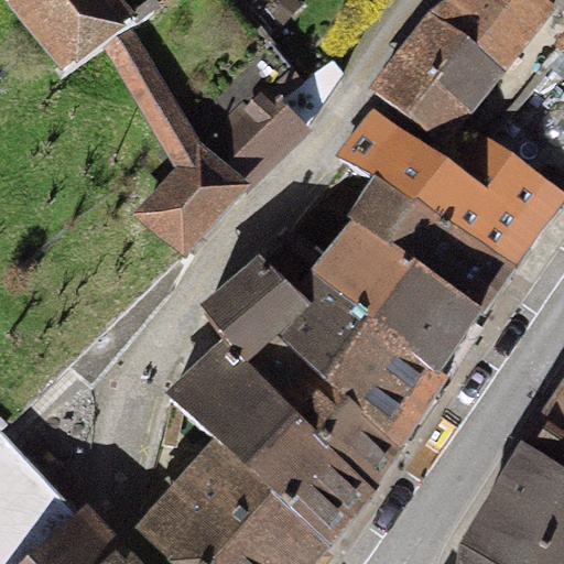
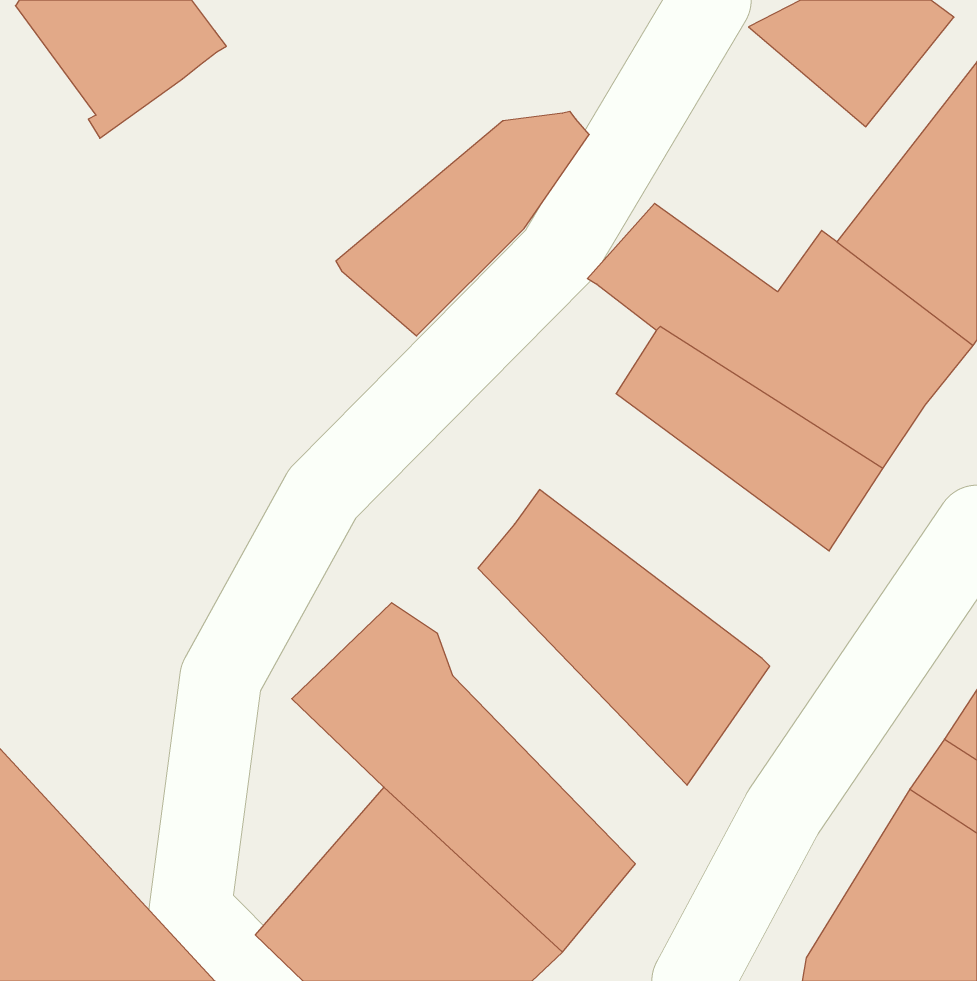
building: [370,15,497,145] -> none
building: [105,30,239,257] -> none
building: [310,226,476,378] -> none
building: [202,265,394,496] -> none

